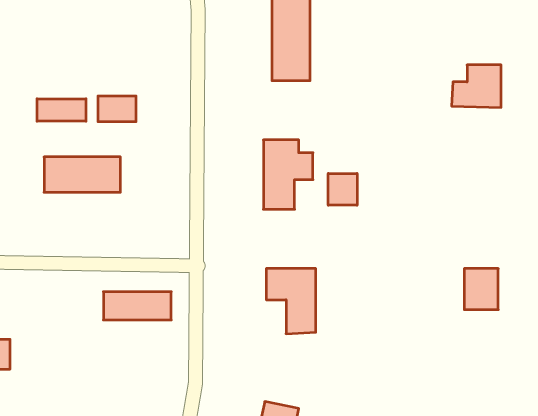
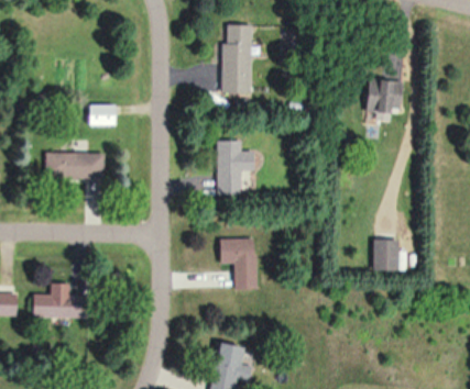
building: [37,99,86,121] -> none
building: [328,173,357,205] -> none
building: [103,292,171,320] -> [33,296,86,318]

